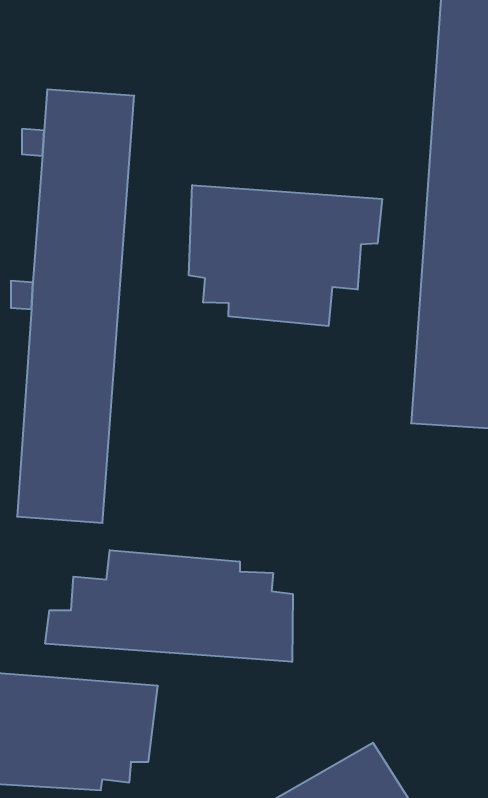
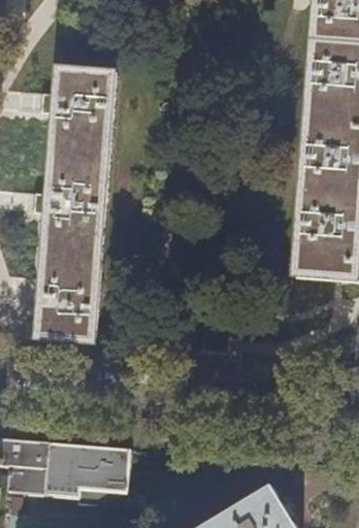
building: [189,185,382,326] -> none
building: [45,550,293,662] -> none

